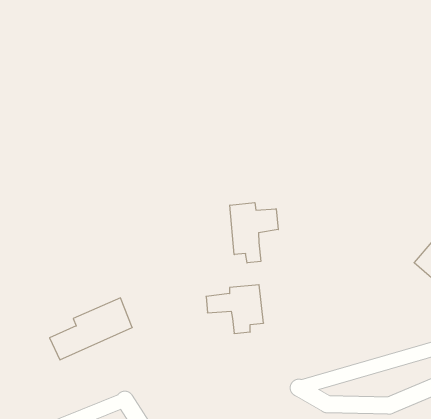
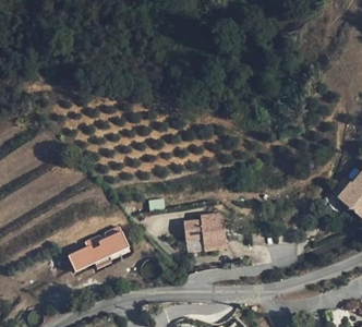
building: [230,203,278,263] -> none

